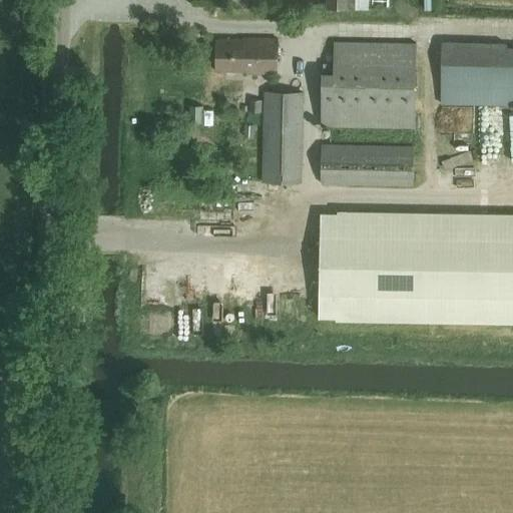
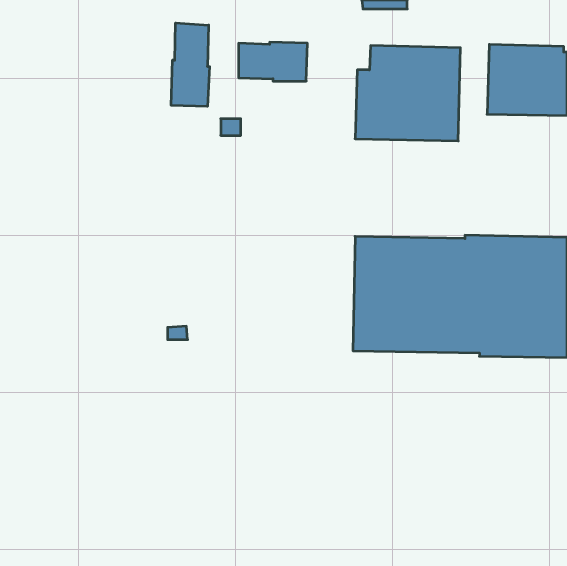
building: none -> [171,23,210,106]
building: [263,92,303,183] -> none
building: [321,144,414,187] -> none

